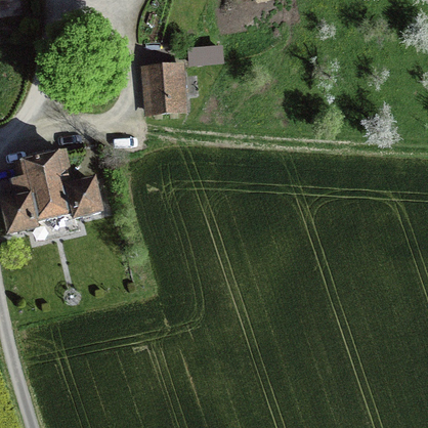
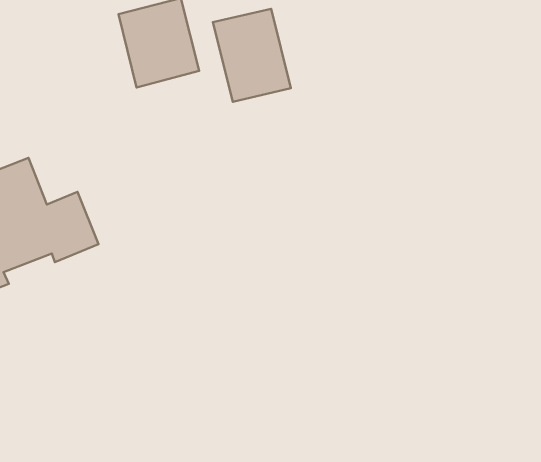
building: none -> [213,9,291,102]

